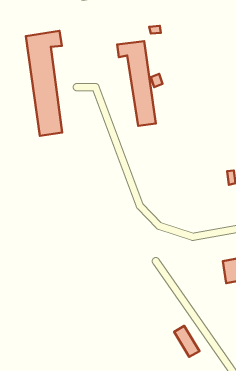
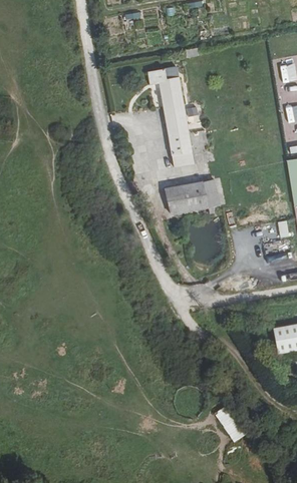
building: [26,31,62,136] -> none
building: none -> [166,179,222,212]

